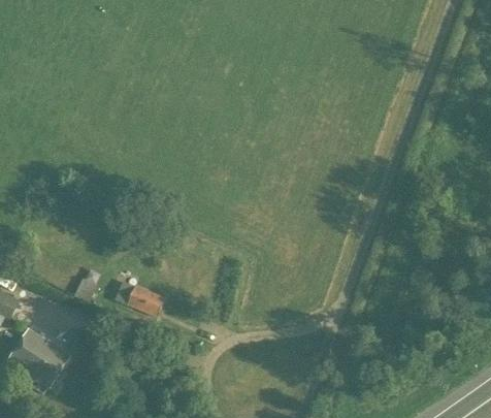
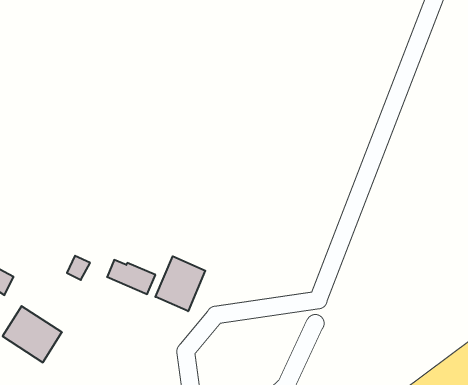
building: none -> [155,256,205,311]

